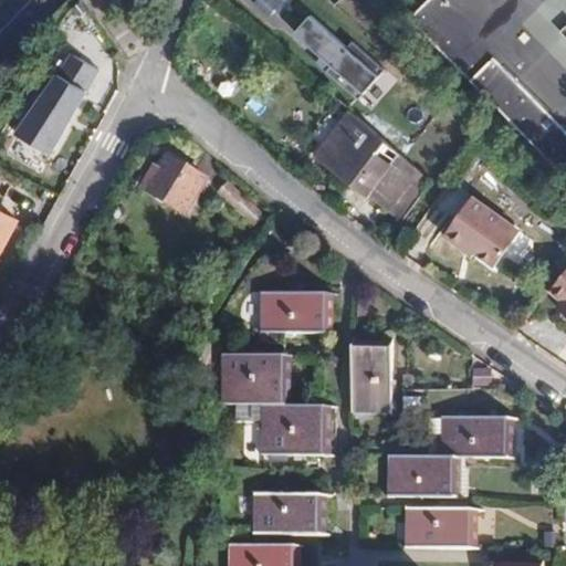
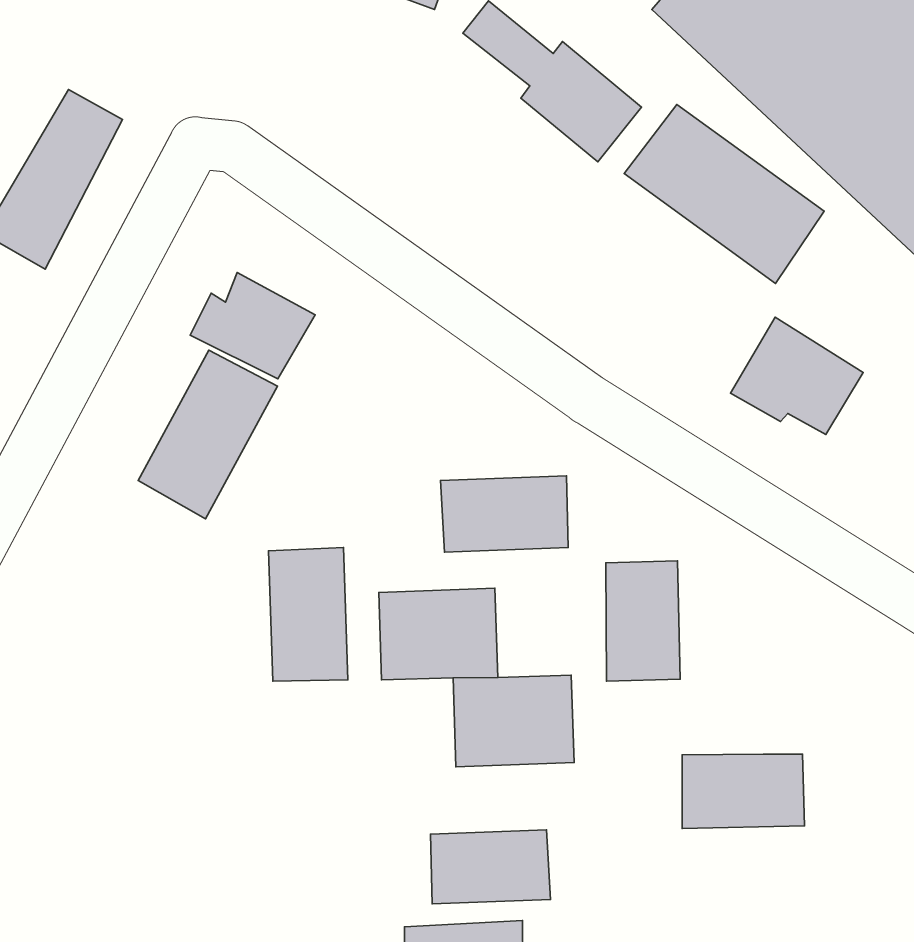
building: [308,122,421,227] -> [624,105,824,284]
building: none -> [138,350,278,519]
building: none -> [269,547,348,681]
building: [443,416,514,458] -> none
building: [410,506,479,548] -> none

